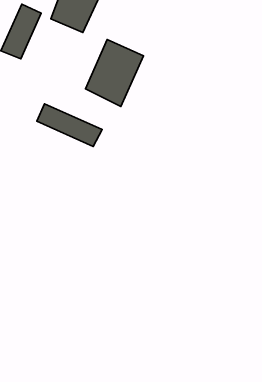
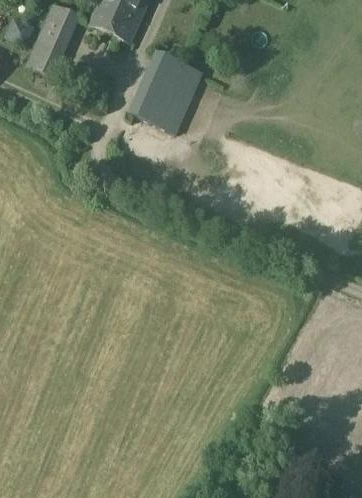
building: [37,104,102,146] -> none

